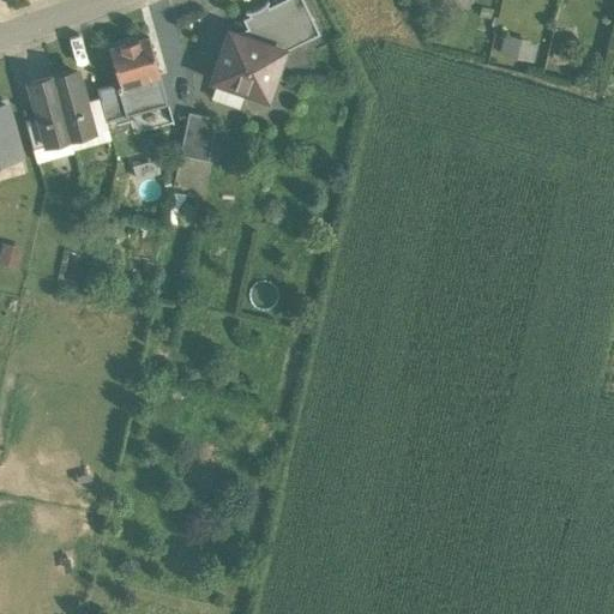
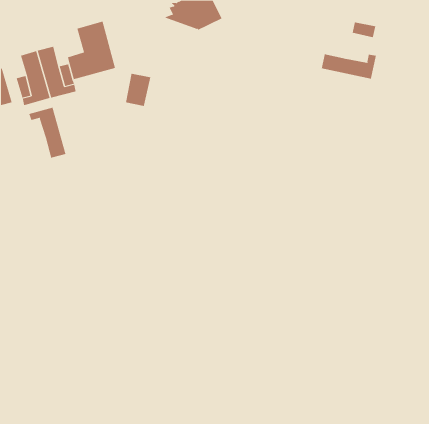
building: [212,32,282,97] -> none
building: none -> [321,54,376,80]
building: none -> [29,107,66,158]

